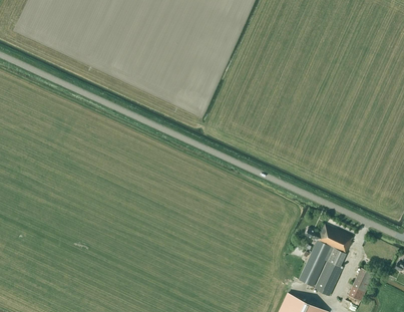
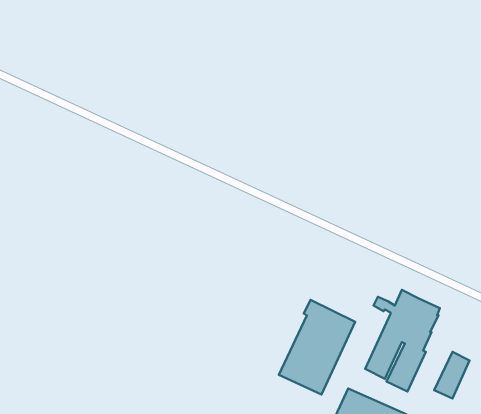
building: none -> [279,300,355,394]

